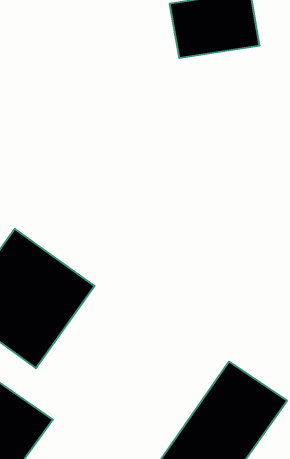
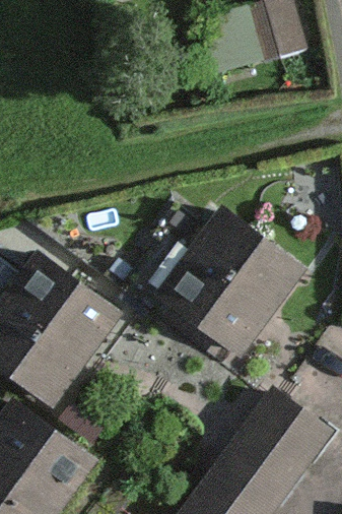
building: none -> [155,207,296,348]

